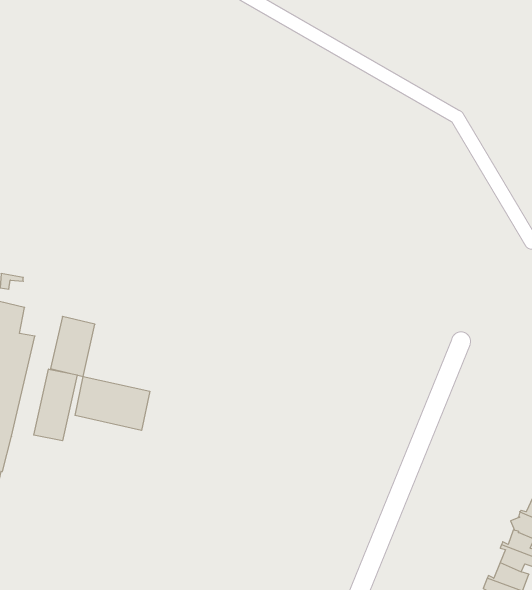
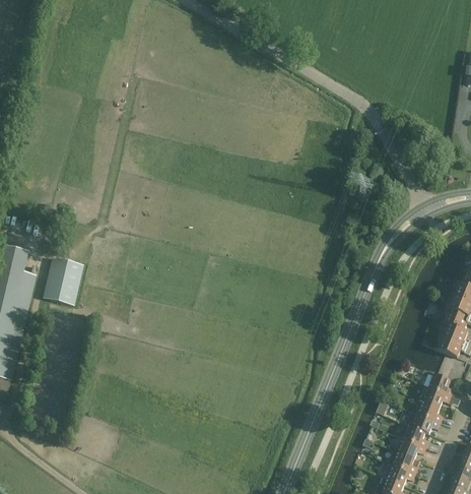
building: [34,369,77,441] -> none
building: [75,376,150,430] -> none

